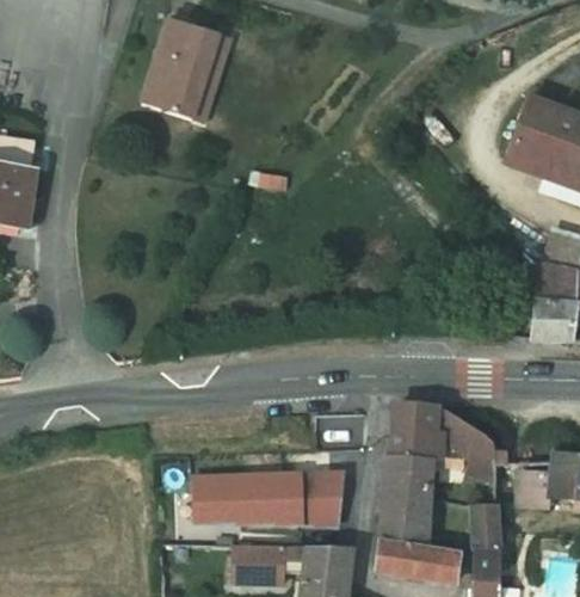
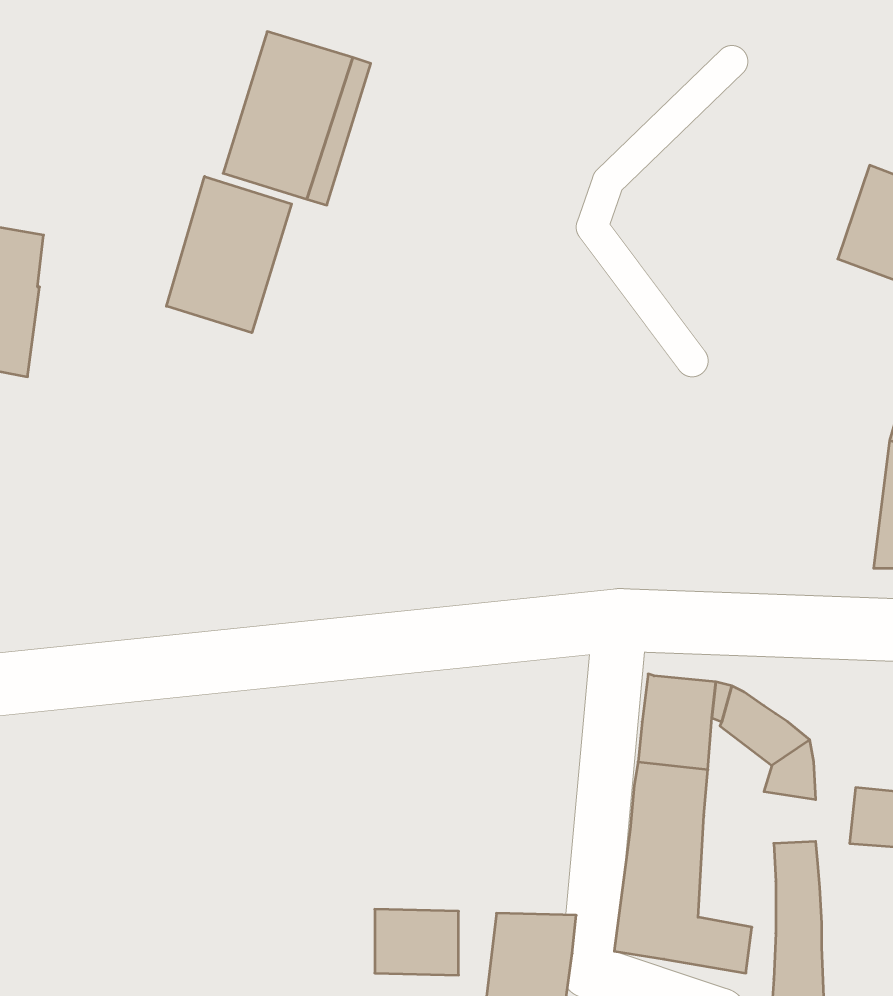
building: none -> [166,176,292,333]
building: [187,469,337,523] -> none

